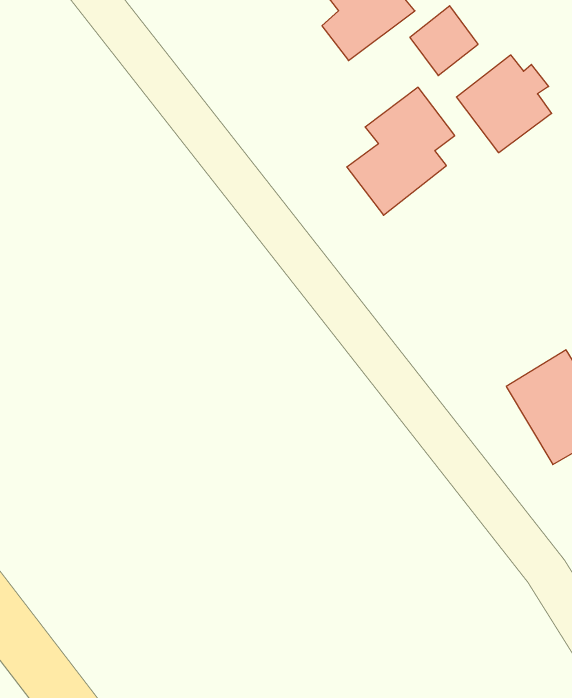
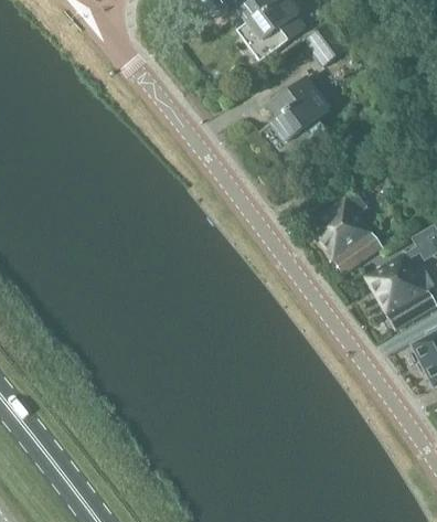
building: [456,55,552,153] -> none
building: none -> [307,191,381,274]

